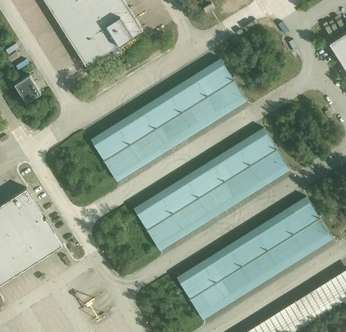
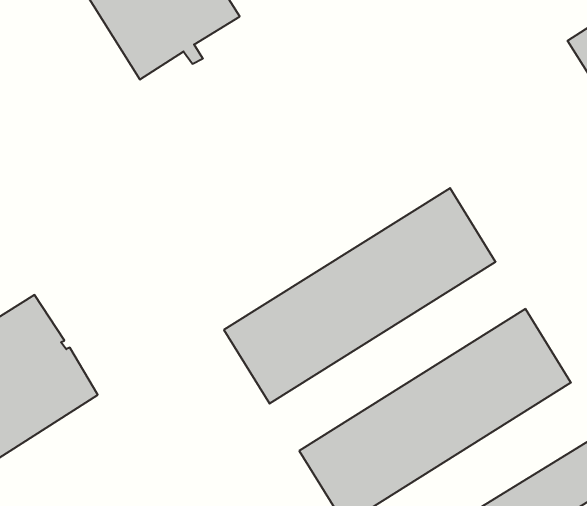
building: [91,59,246,182] -> none
building: [15,76,41,103] -> none

